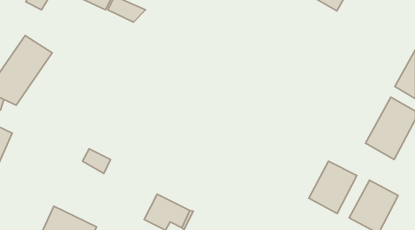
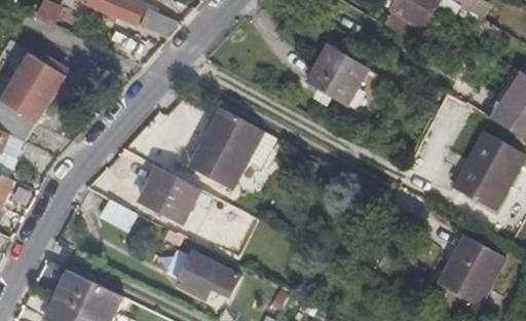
building: none -> [304,41,366,103]
building: none -> [187,106,260,186]
building: none -> [142,166,201,221]
building: [309,161,357,213] -> none

